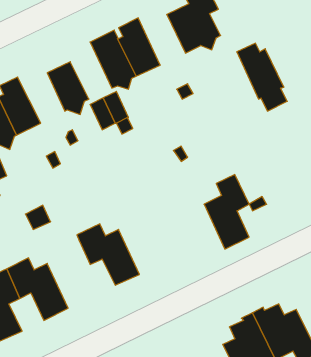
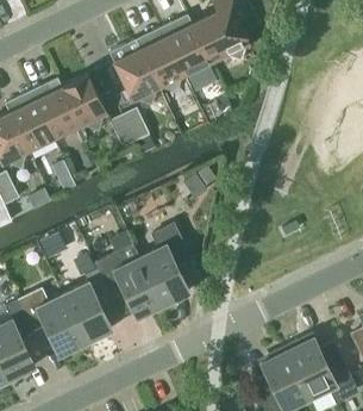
building: [237,43,287,111] -> [161,18,215,92]
building: none -> [30,81,81,142]
building: [204,175,249,249] -> [139,225,188,306]
building: none -> [62,269,111,343]

